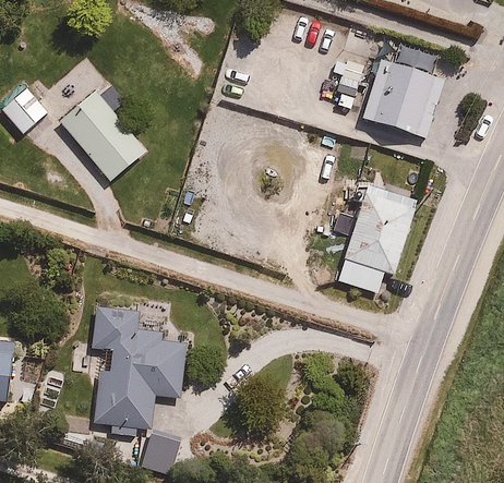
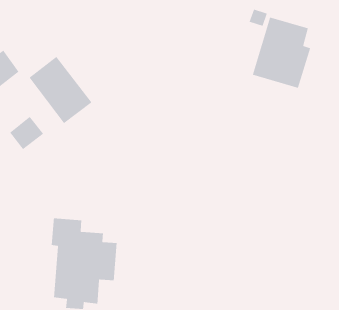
building: none -> [9,116,44,150]
building: [334,179,419,293] -> none

